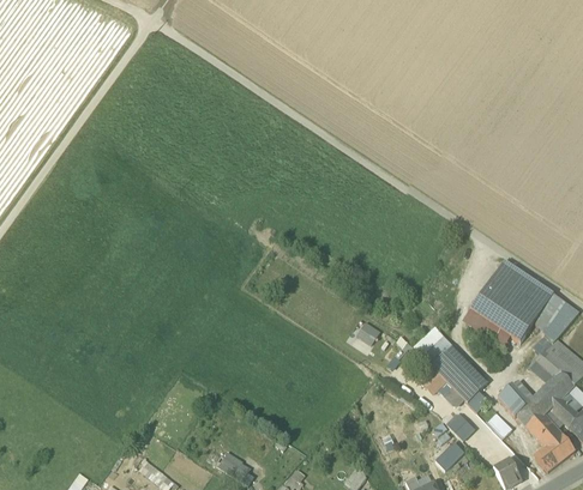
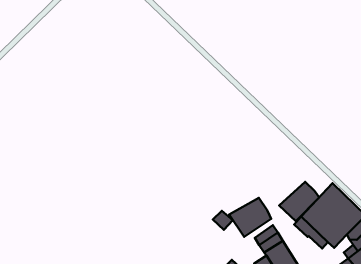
building: none -> [279,182,319,221]
building: none -> [229,198,271,237]

